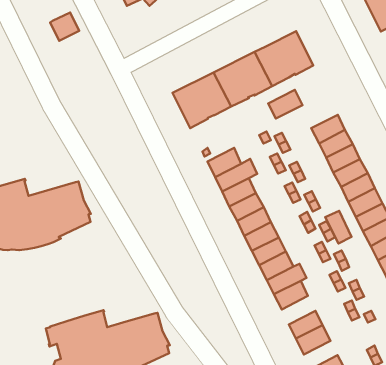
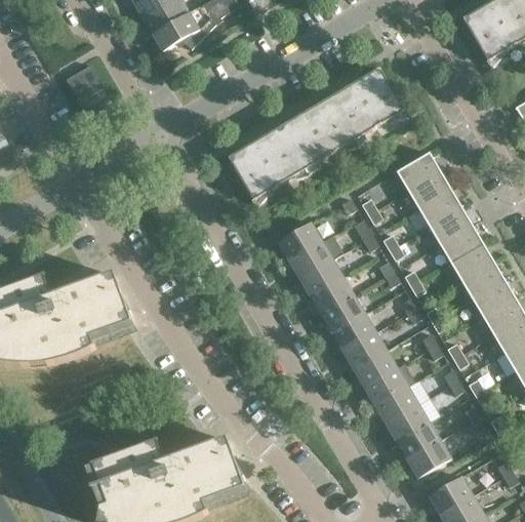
building: [268,90,303,119] -> [396,152,440,190]
building: [325,211,352,244] -> none
building: none -> [386,403,429,441]

